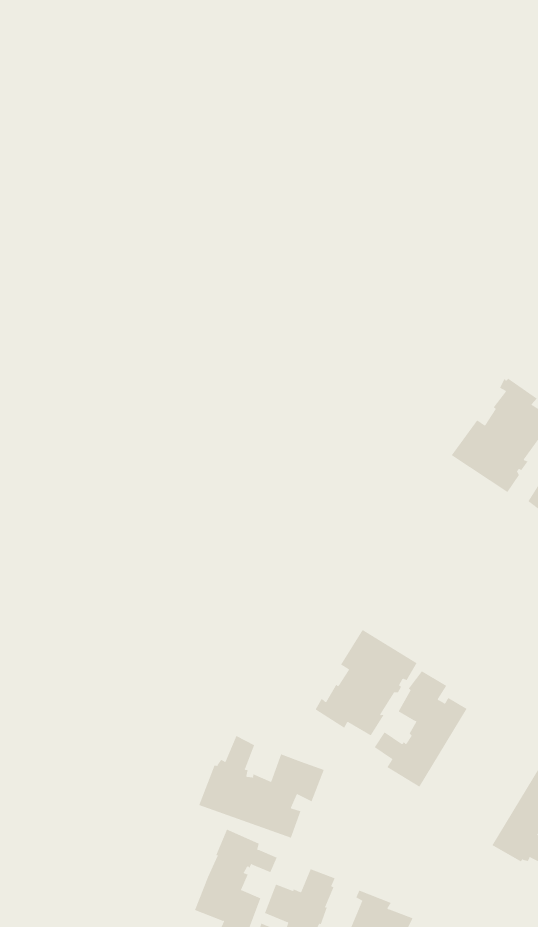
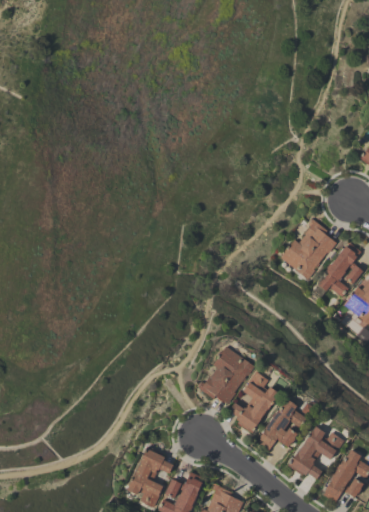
building: none -> [258,399,309,450]
building: [198,735,324,839] -> none

